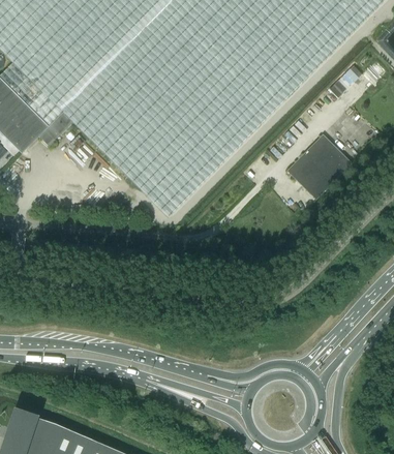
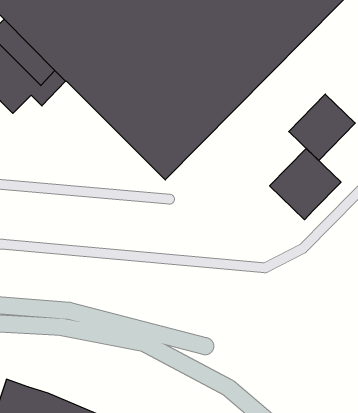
building: none -> [270,148,341,220]

